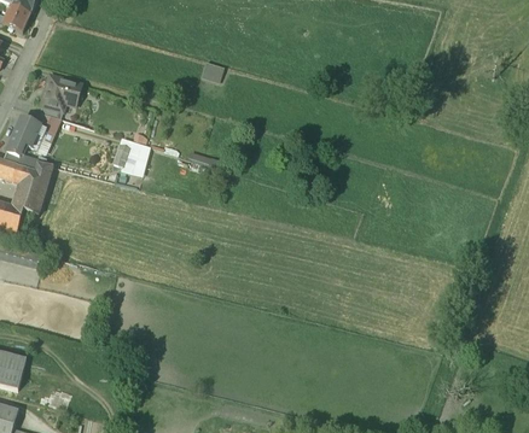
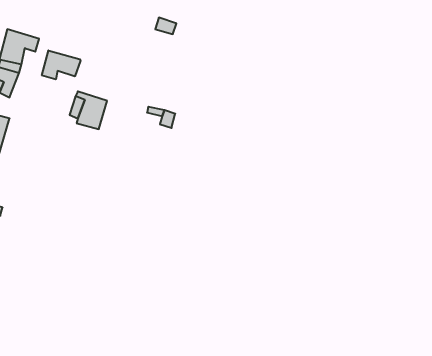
building: none -> [42,50,80,79]

